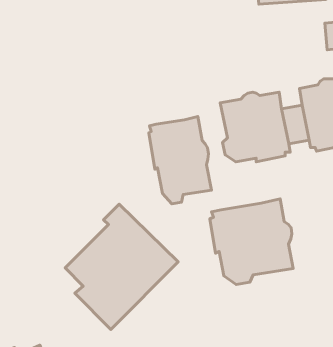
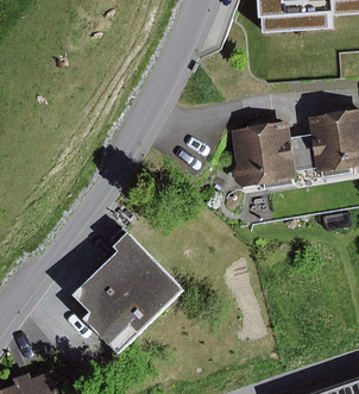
building: [149,116,212,204] -> none
building: [210,199,293,285] -> none

